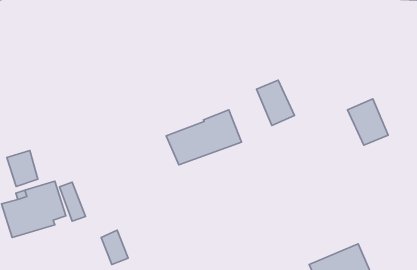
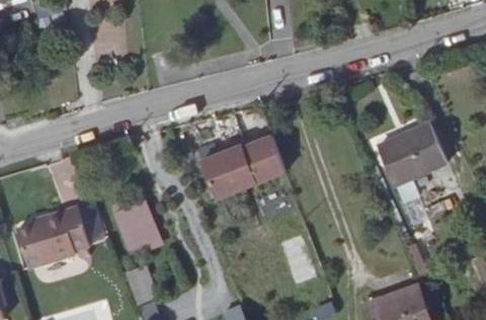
building: [256,80,294,125] -> [377,129,419,179]
building: [7,150,38,186] -> none
building: none -> [118,195,164,246]

